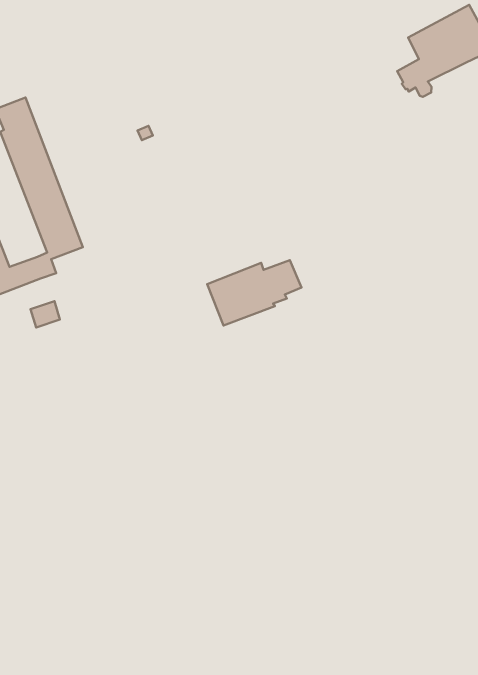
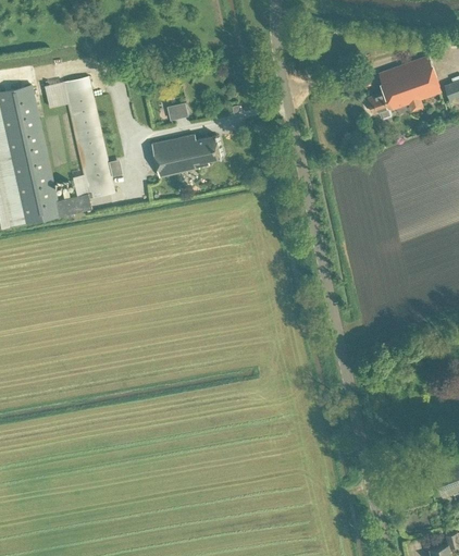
building: [207,260,301,326] -> [152,135,222,177]

